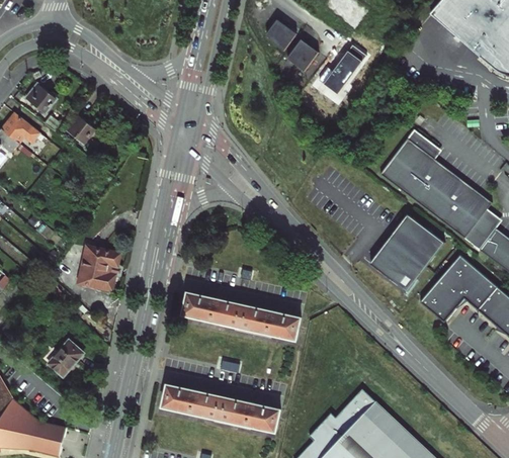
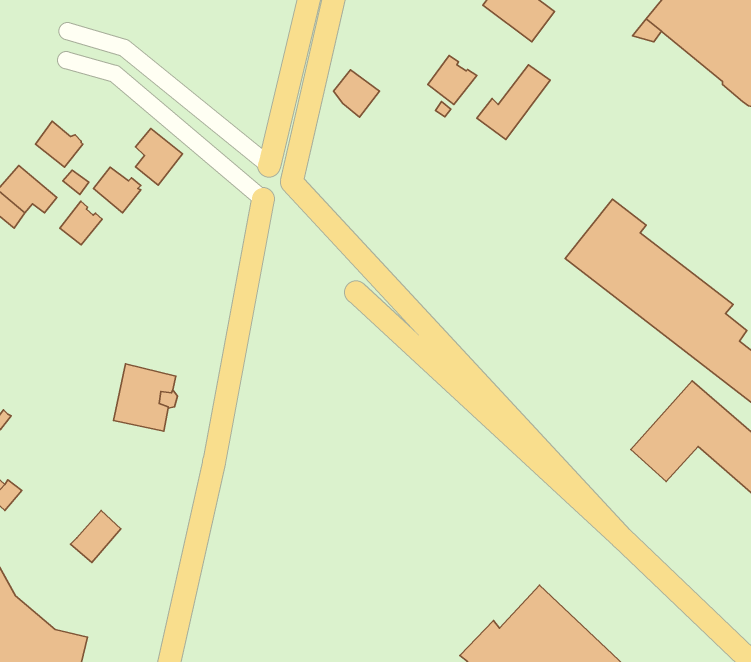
building: [267,20,298,52] -> [334,70,379,117]
building: none -> [135,129,182,185]
building: none -> [60,201,102,245]
building: [373,214,444,289] -> none
building: [184,293,303,341] -> none
building: [163,384,281,432] -> none

